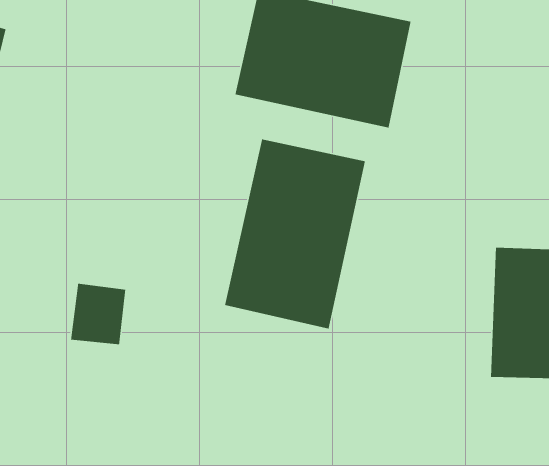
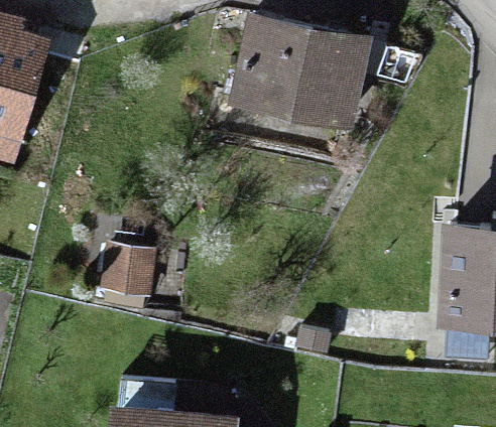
building: [224,139,366,329] -> none

